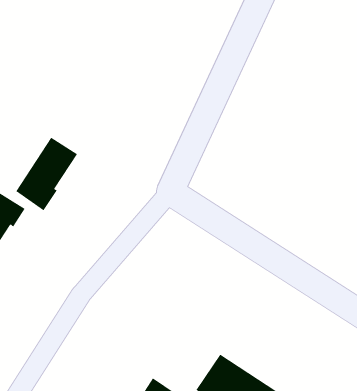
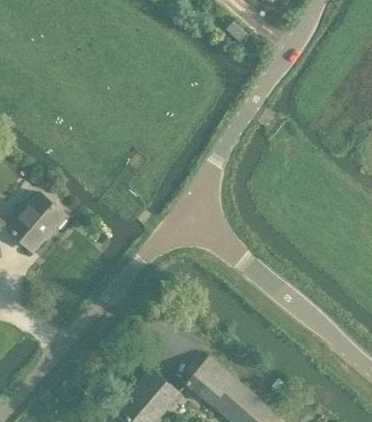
building: [16,137,78,211] -> none

